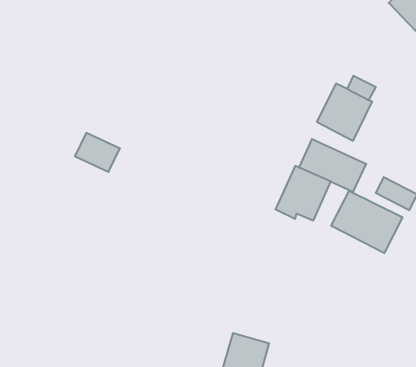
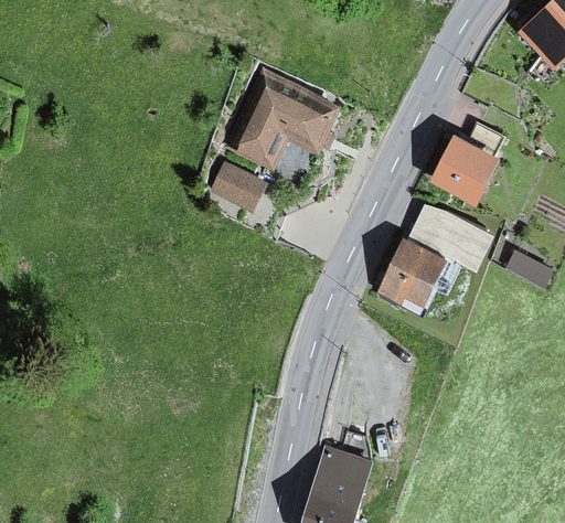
building: none -> [226,71,341,168]
building: [75,133,120,172] -> [209,162,266,212]
building: [331,191,403,253] -> none

